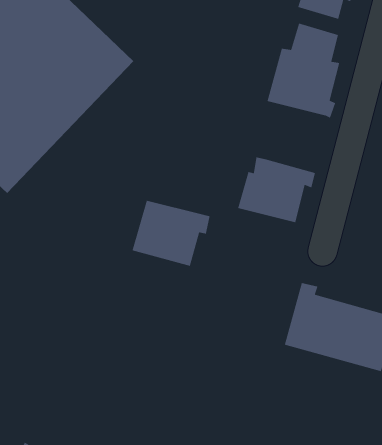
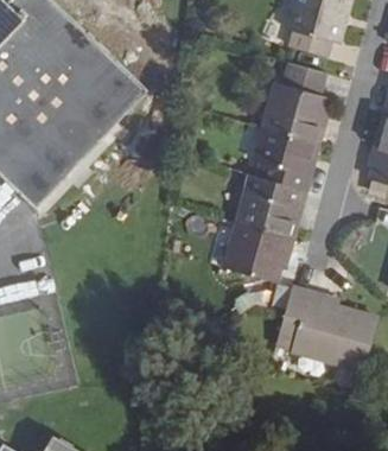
building: none -> [253,128,314,191]
building: [131,200,210,267] -> [223,223,293,282]

